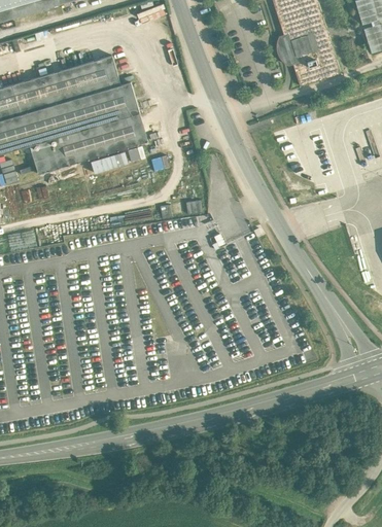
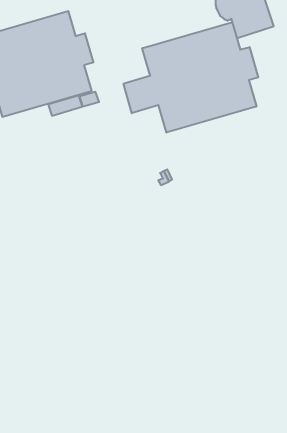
building: none -> [124,22,258,133]

